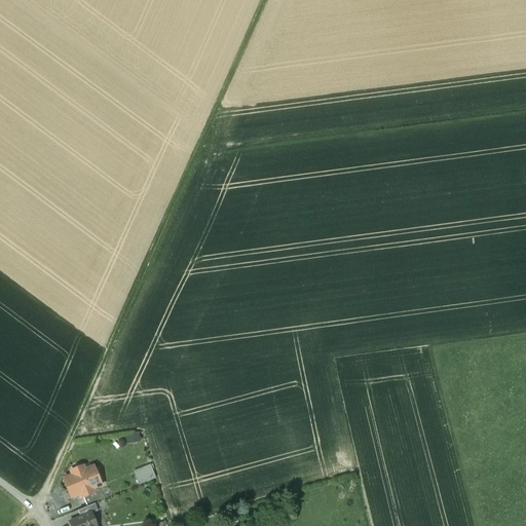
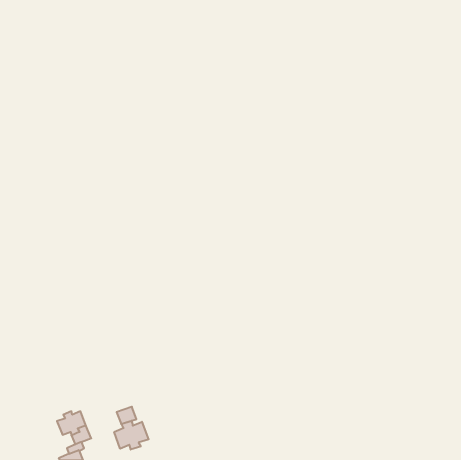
building: none -> [114,421,149,450]

